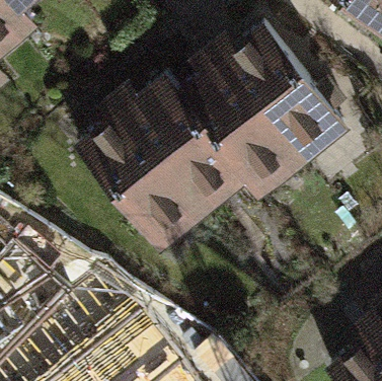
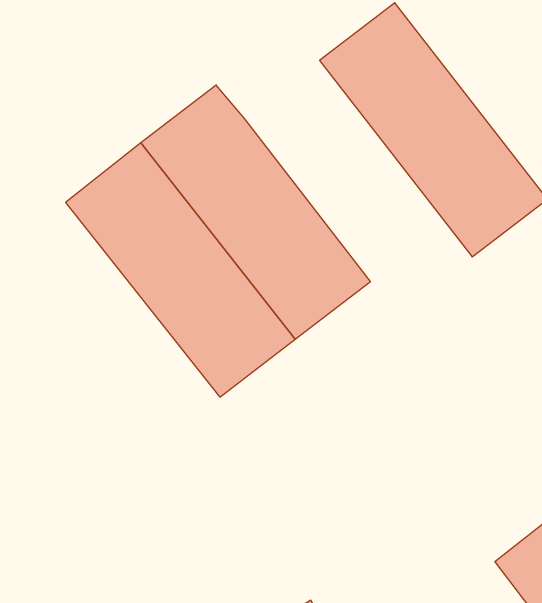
building: [178,49,310,196] -> none

